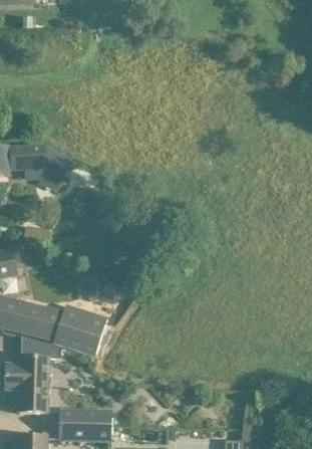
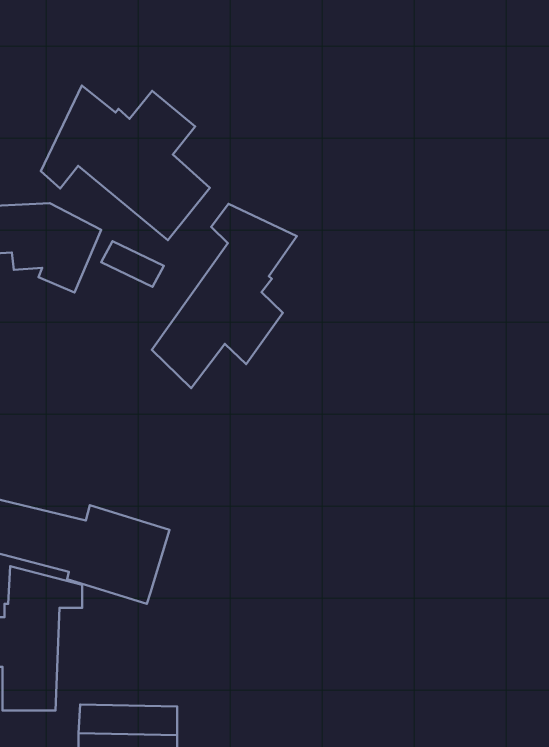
building: none -> [41,85,210,240]
building: none -> [152,204,297,388]

